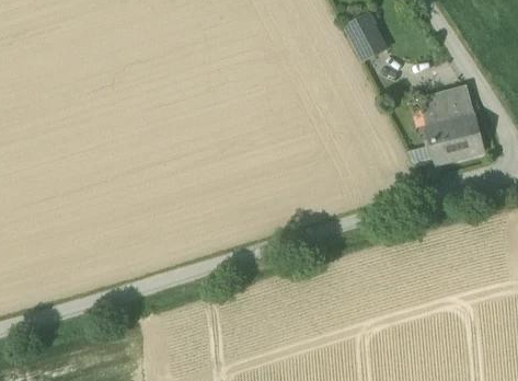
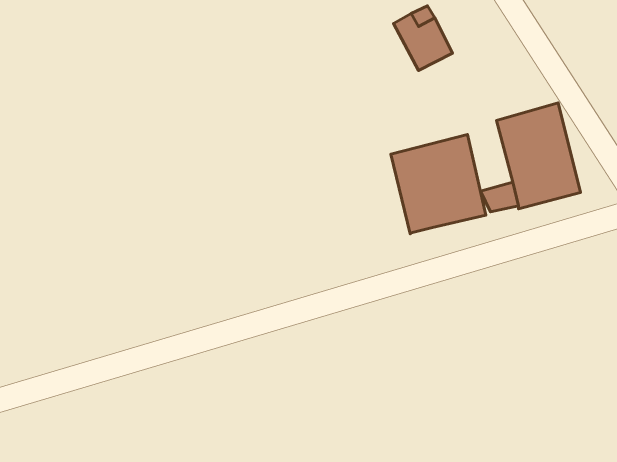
building: none -> [391,135,486,234]

